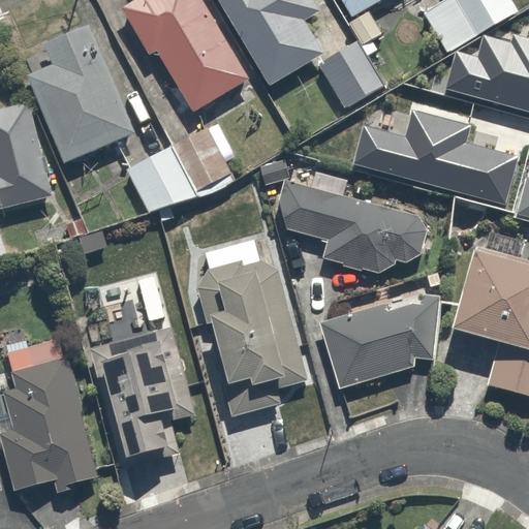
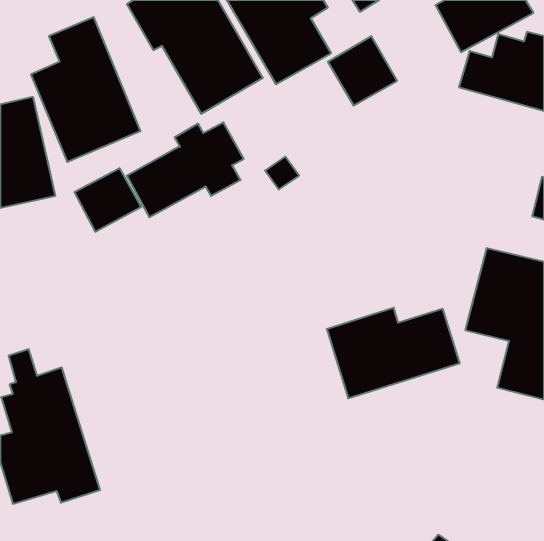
building: [352,111,518,206] -> none
building: none -> [75,168,141,232]
building: [278,182,422,272] -> none
building: [190,240,312,416] -> none
building: [96,326,197,465] -> none

